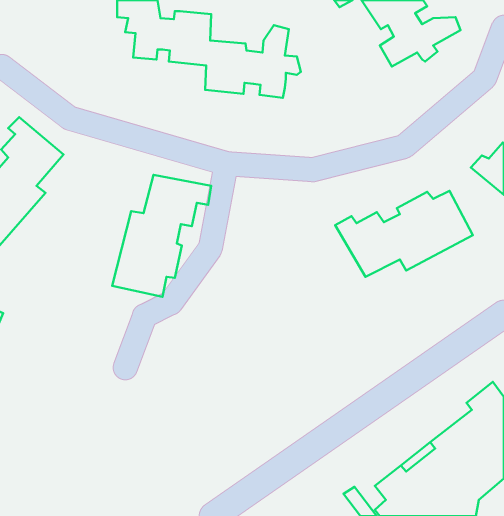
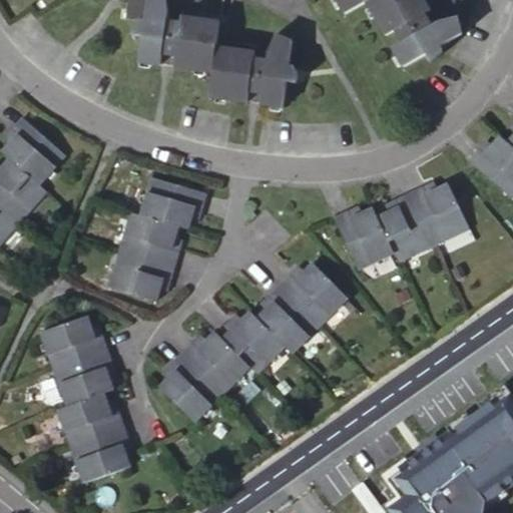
building: none -> [166,269,352,425]
building: none -> [41,312,141,483]

